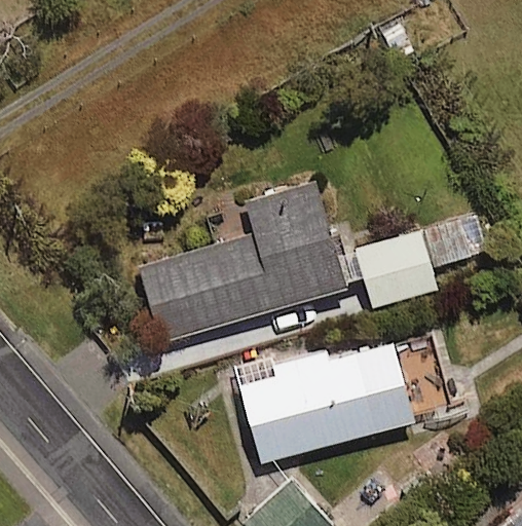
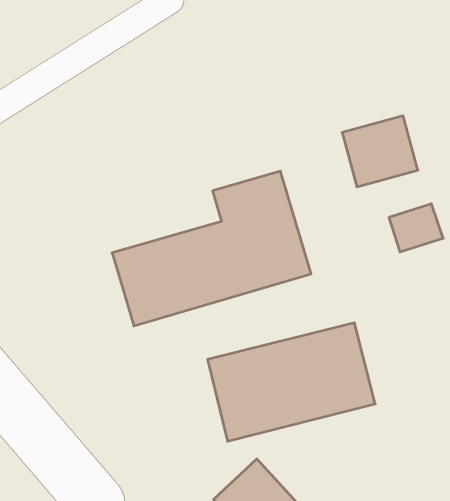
building: [357,232,436,306] -> [342,116,418,187]

